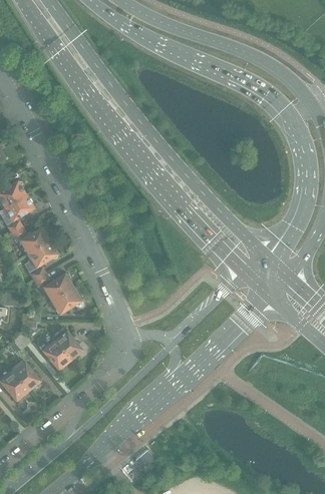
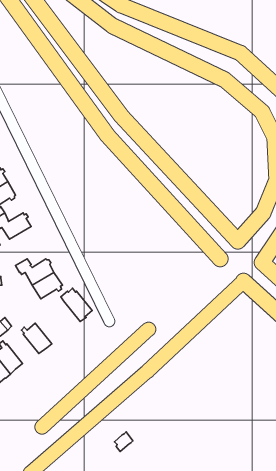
building: [24,239,57,280] -> none
building: [50,326,82,360] -> [61,288,92,321]

